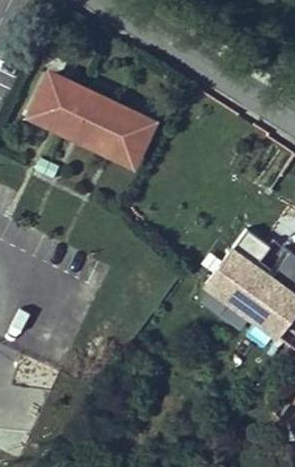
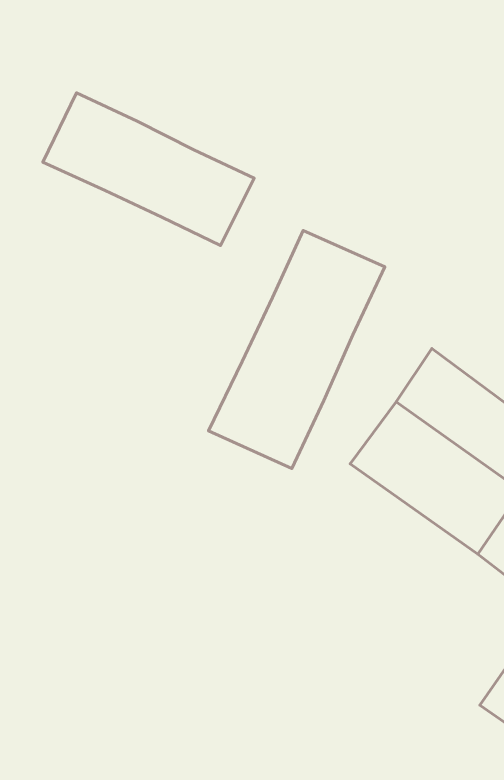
building: none -> [209,231,385,469]

